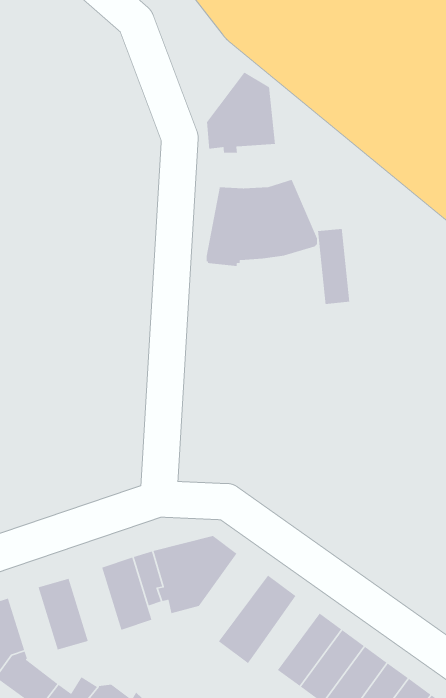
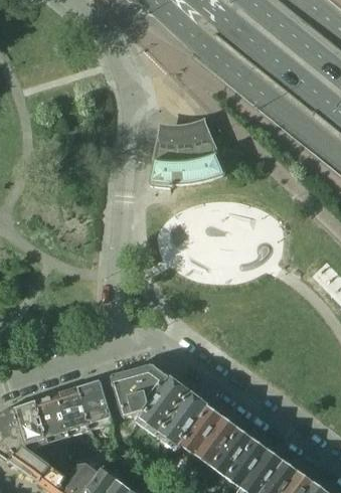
building: [206,72,276,154] -> none
building: [317,228,350,305] -> none
building: none -> [138,377,190,436]
building: none -> [58,386,93,436]
building: none -> [18,399,50,448]
building: none -> [182,405,224,455]

